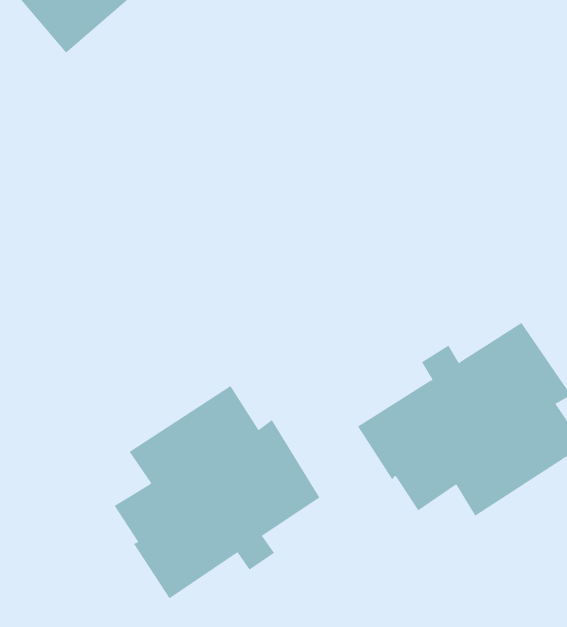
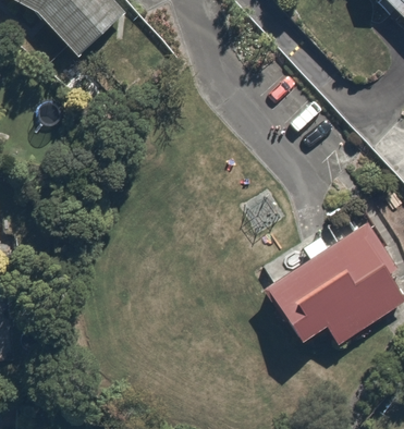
building: [114,385,320,599] -> none

